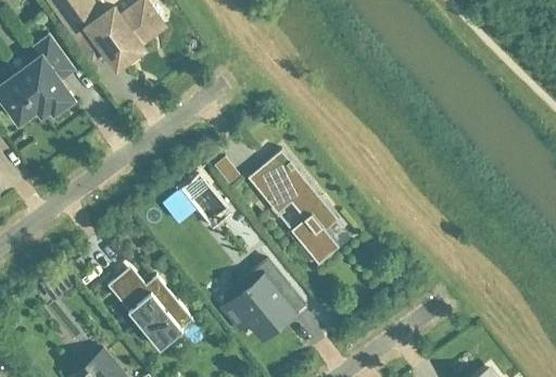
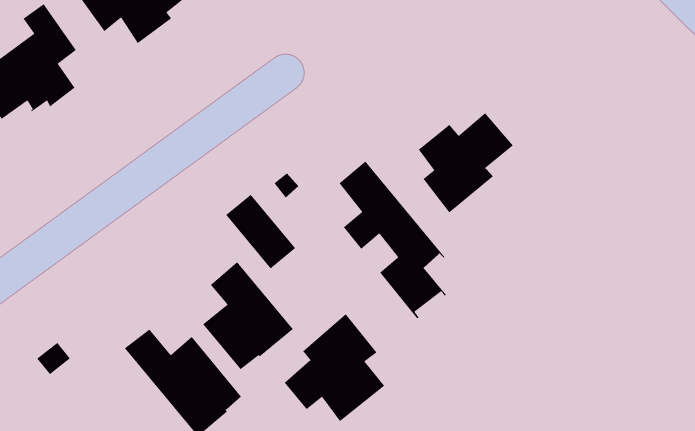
building: none -> [418,112,514,214]
building: none -> [202,261,294,370]

